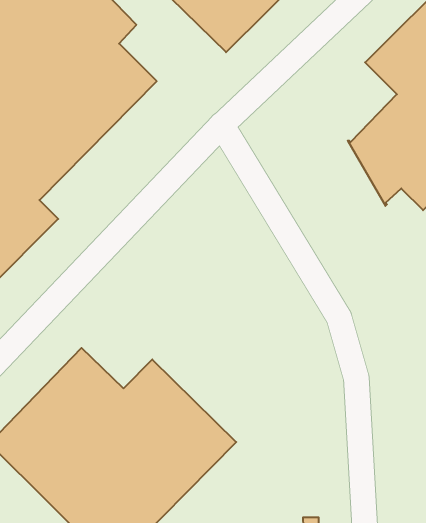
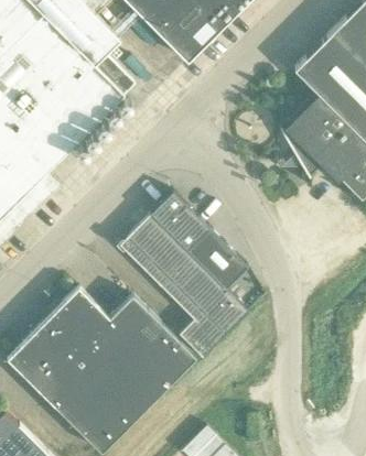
building: none -> [119,191,248,357]

